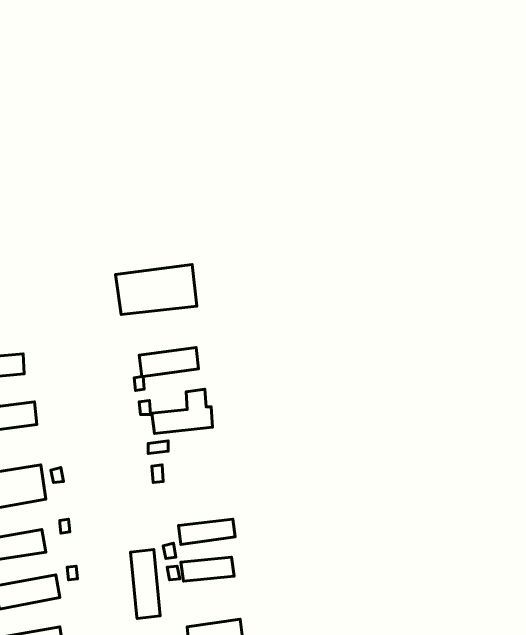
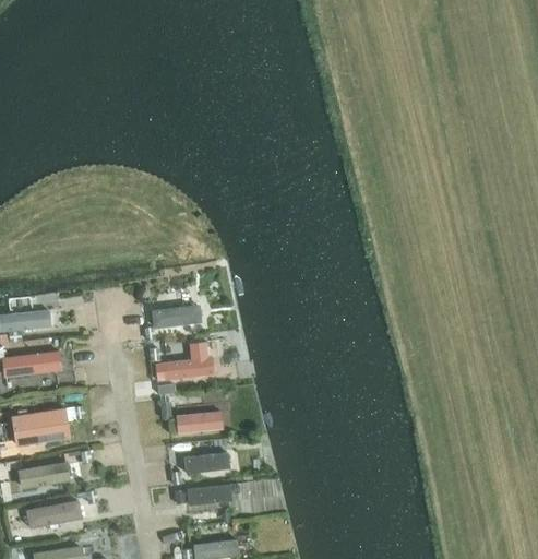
building: [115,264,197,315] -> none
building: none -> [176,411,223,433]
building: [130,549,160,619] -> none

